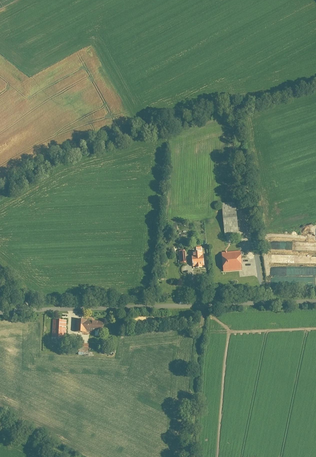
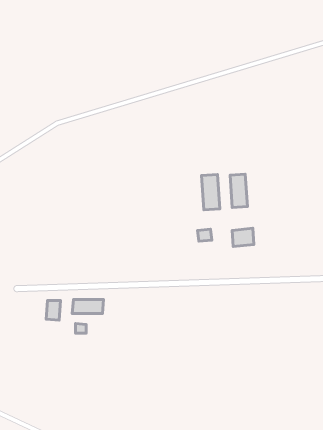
building: none -> [202,175,220,210]

